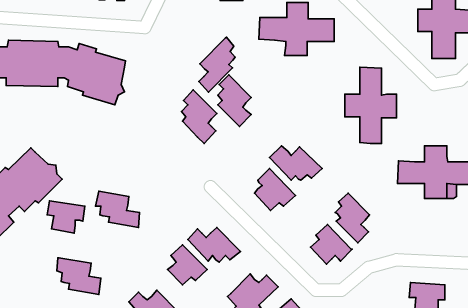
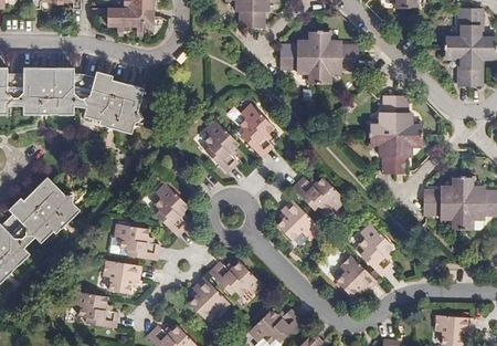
building: [199,37,235,92] -> none
building: none -> [152,184,188,237]
building: [47,201,85,233] -> [104,260,142,293]

